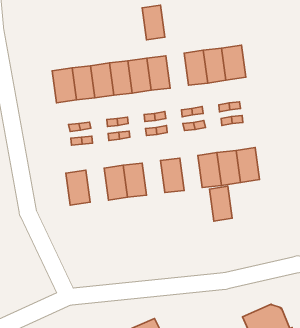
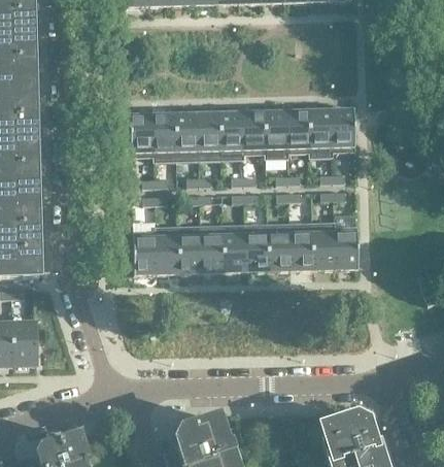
building: [142,5,165,40] -> [266,109,288,148]
building: none -> [225,232,247,271]
building: none -> [158,234,180,272]
building: [210,186,232,221] -> [269,231,292,270]

